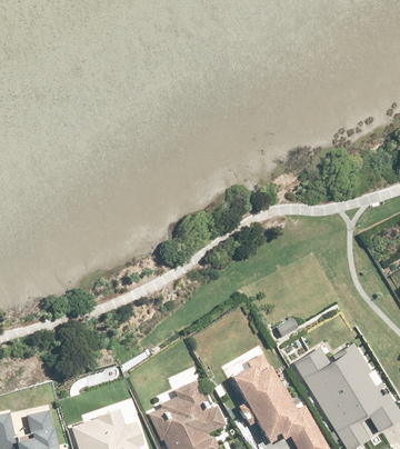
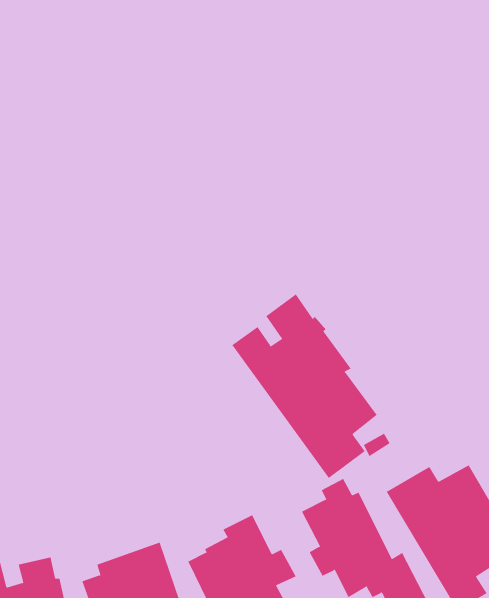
building: none -> [232,293,378,479]

